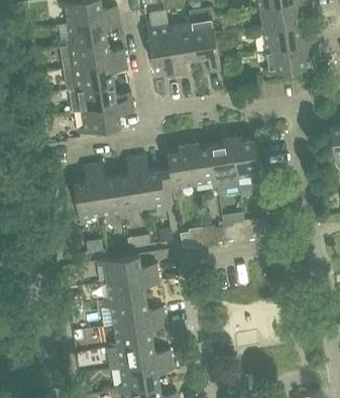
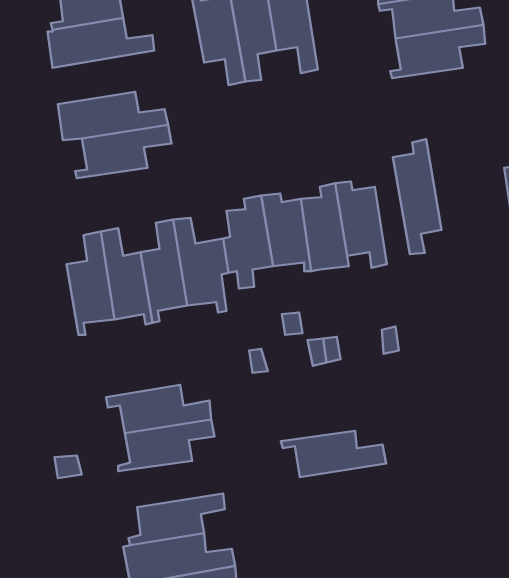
building: [65,58,126,90] -> none
building: none -> [393,139,441,254]
building: [103,298,164,325] -> [281,431,386,477]

